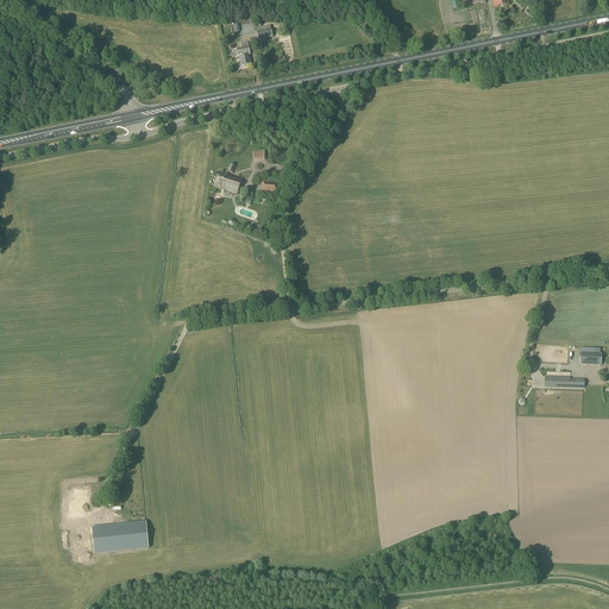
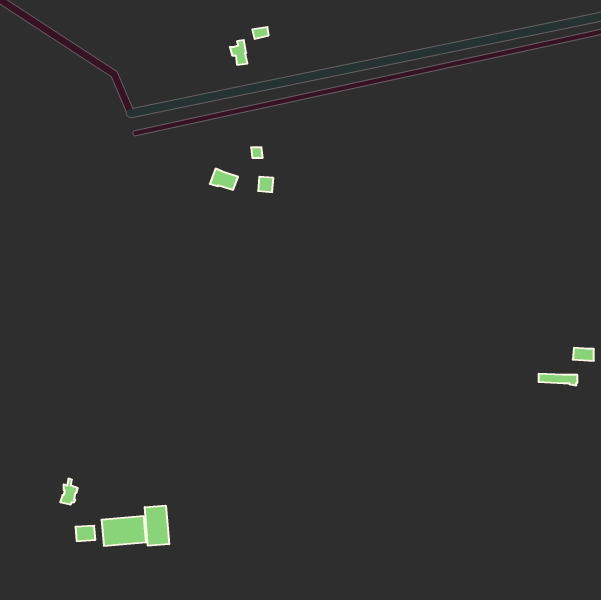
building: none -> [145,506,169,546]

